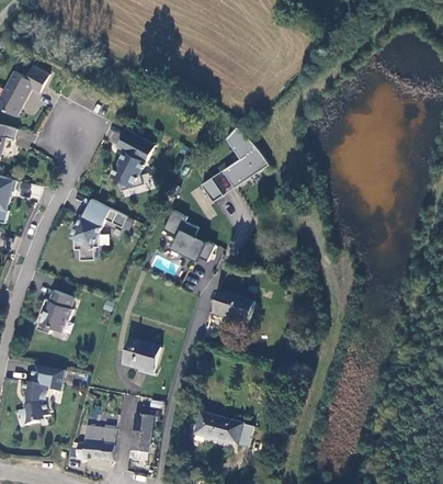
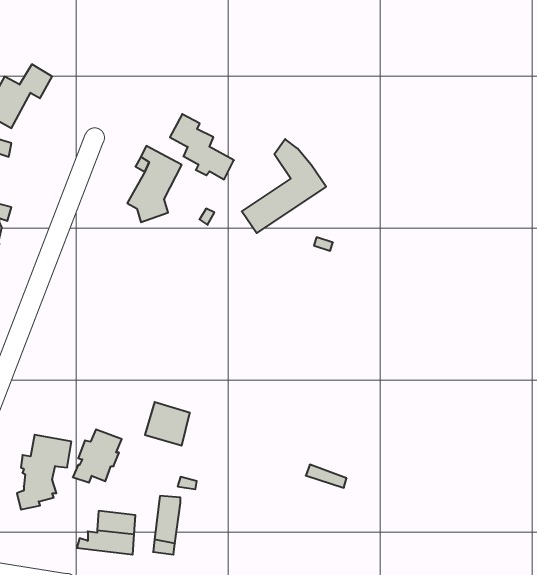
building: [68,198,115,259] -> none
building: [163,209,215,261] -> [170,114,234,179]
building: [35,289,75,331] -> [73,429,122,483]
building: [215,290,254,323] -> none
building: [195,412,253,447] -> none

